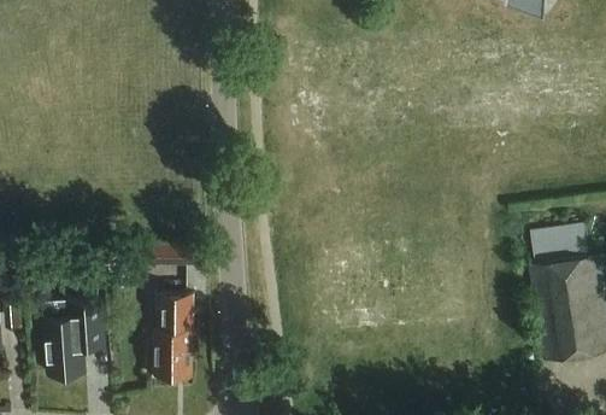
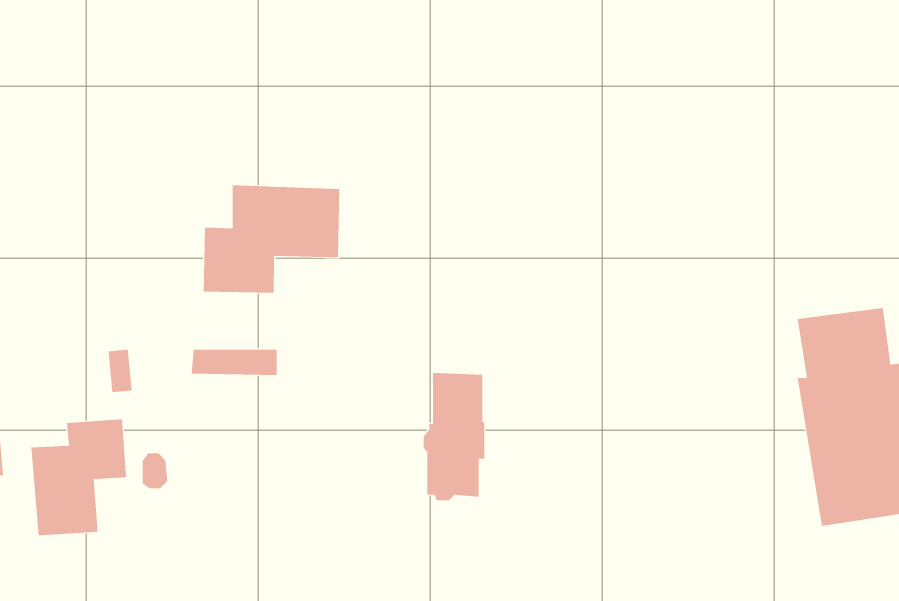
building: none -> [203,184,340,293]
building: [154,298,194,380] -> [423,373,485,501]

